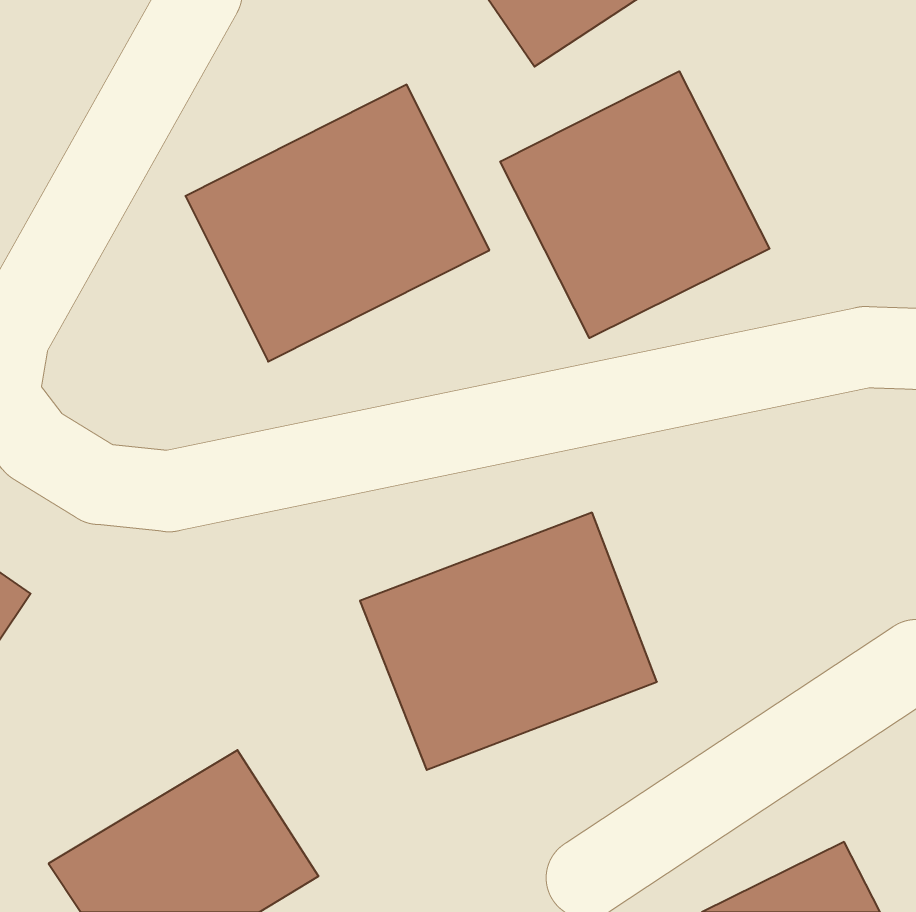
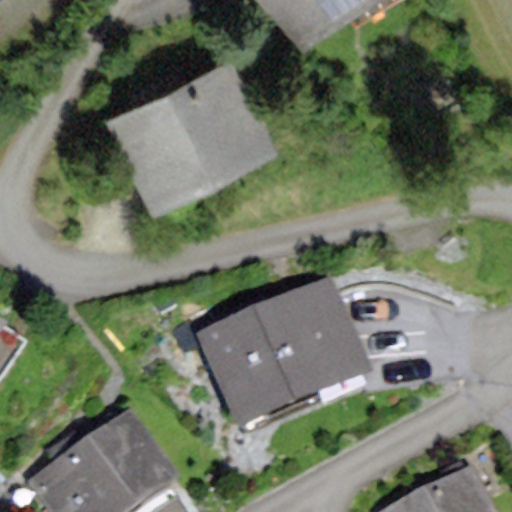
building: [500,71,770,338] -> none

